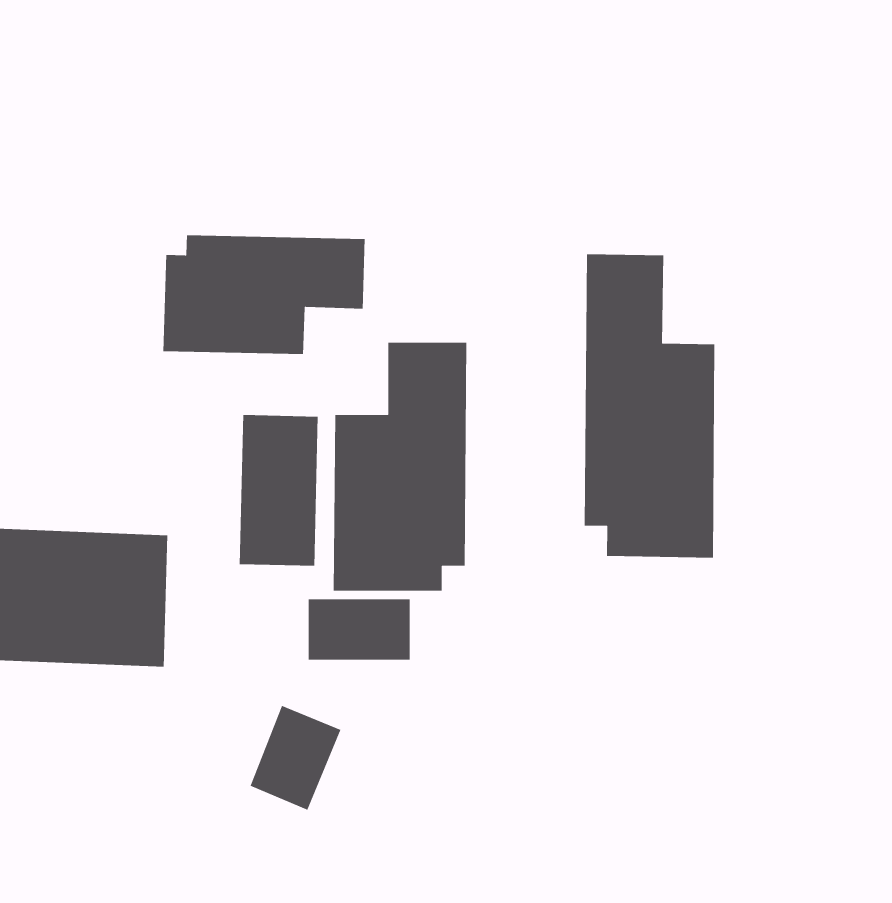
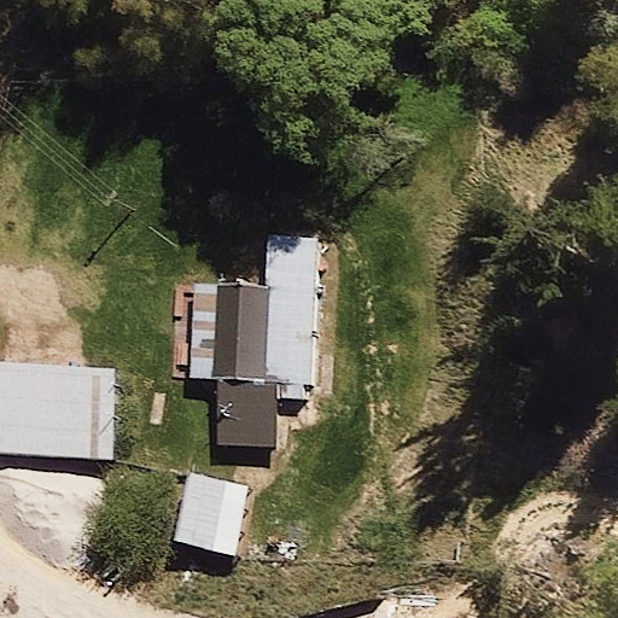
building: [163,234,366,355] -> none
building: [584,253,715,558] -> none

